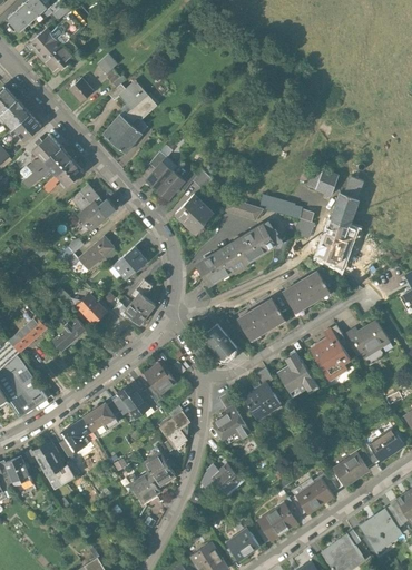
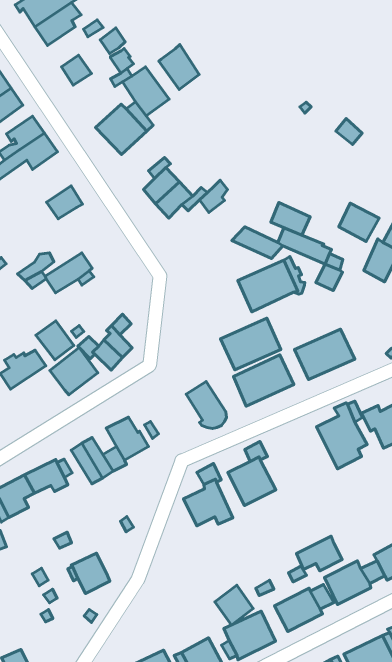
building: none -> [159,45,199,90]
building: [42,157,85,193] -> none
building: none -> [271,203,310,235]
building: [176,191,216,232] -> none
building: [78,199,110,230] -> none
building: [318,219,349,262] -> none
building: [197,240,246,285] -> [221,318,281,370]
building: [114,244,149,278] -> none
building: none -> [50,348,98,395]
building: [277,351,320,390] -> none
building: [160,409,192,448] -> none
building: none -> [296,536,342,571]
building: [143,452,176,489] -> none
building: [212,461,243,493] -> [215,585,253,625]

